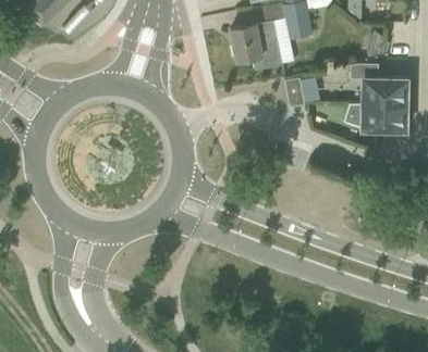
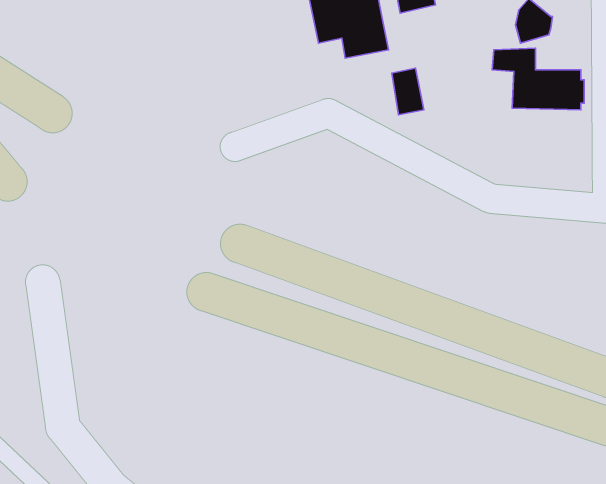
building: [363,101,408,127] -> none

